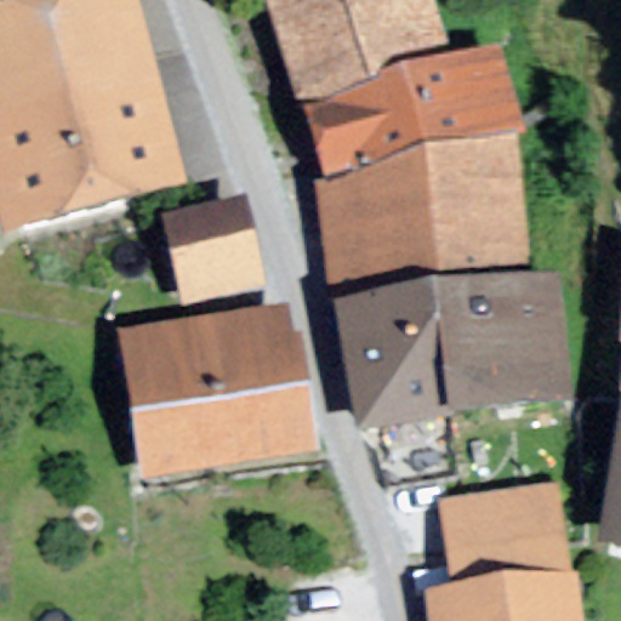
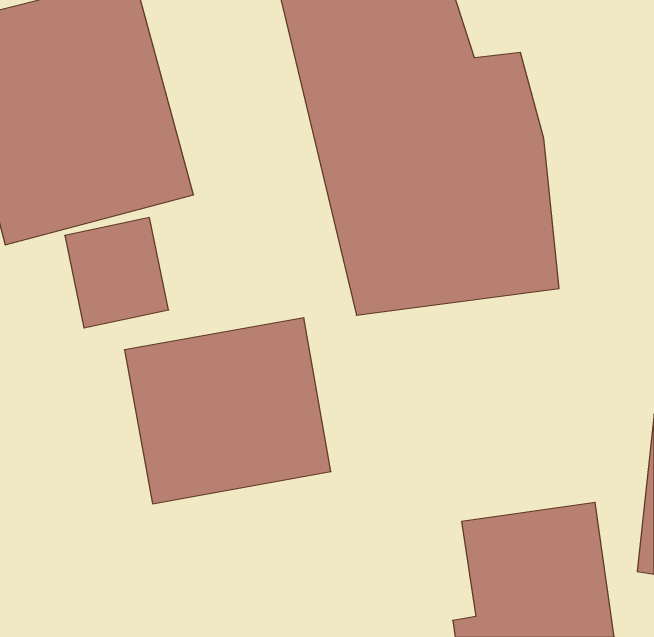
building: [164,194,262,298] -> [65,218,169,328]
building: [342,277,570,434] -> none

